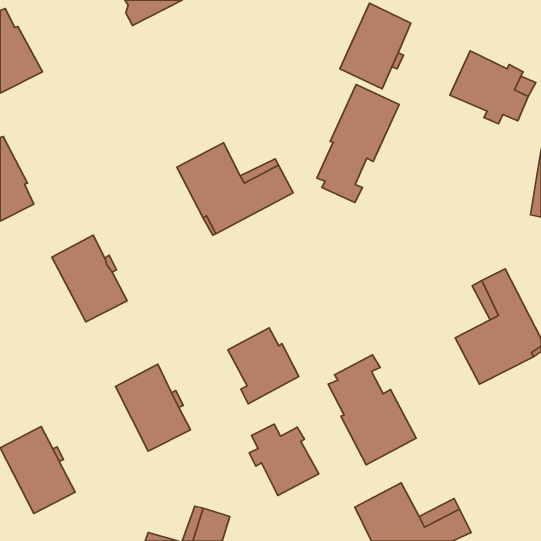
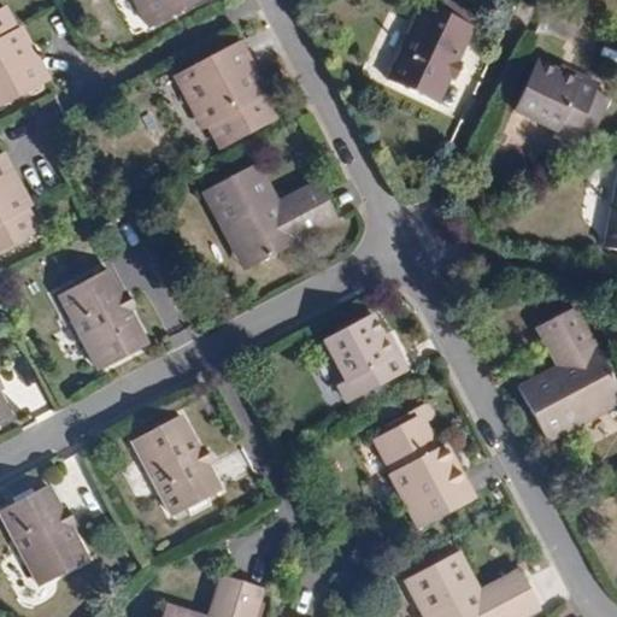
building: none -> [176,45,276,148]
building: [317,84,399,203] -> none
building: [228,328,299,404] -> [325,313,406,400]
building: [249,424,319,495] -> none

